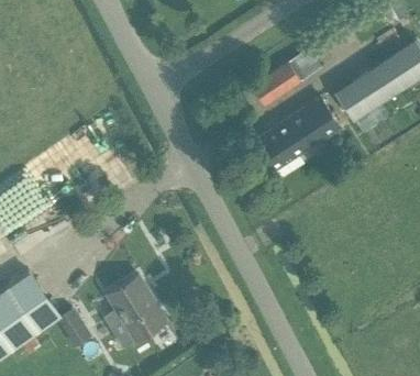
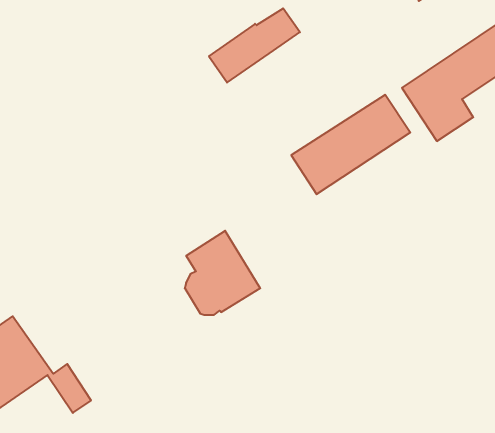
building: [252,49,323,108] -> [209,8,300,83]
building: [108,276,167,342] -> [185,231,260,315]

